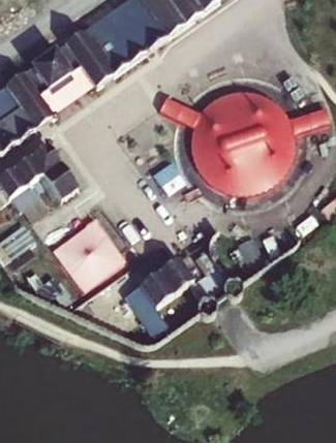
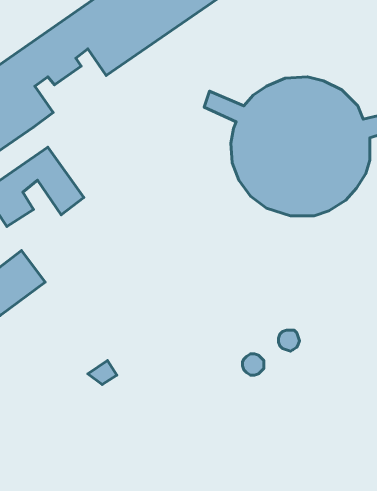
building: [56,223,127,294] -> none
building: [121,256,189,333] -> none

